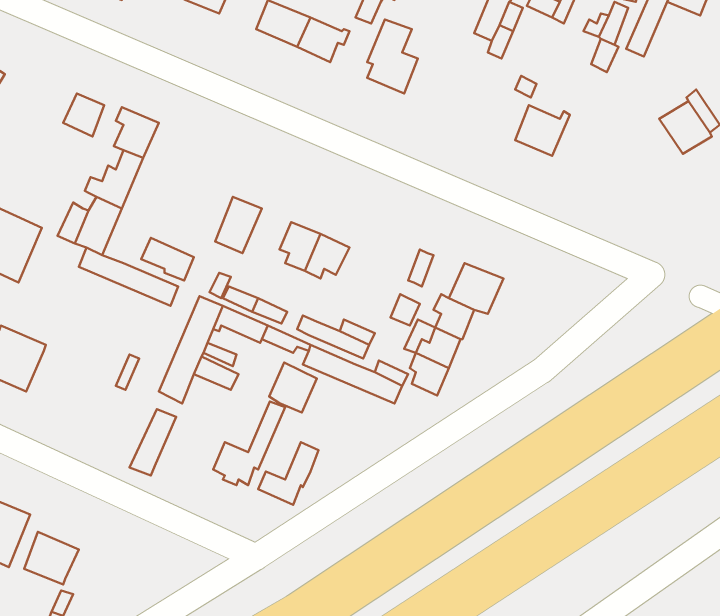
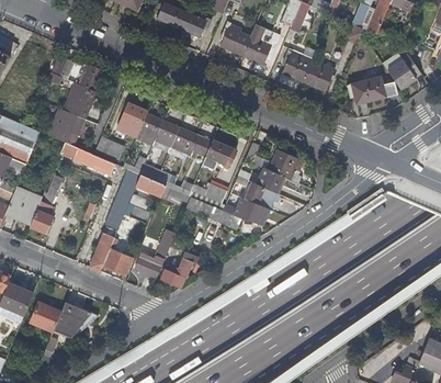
building: none -> [242,35,274,63]
building: none -> [286,48,313,81]
building: none -> [348,76,396,103]
building: none -> [121,103,147,139]
building: none -> [151,120,179,151]
building: none -> [201,142,235,170]
building: none -> [29,173,63,233]
building: [269,362,317,412] -> none
building: none -> [102,247,132,274]
building: none -> [52,301,97,336]

